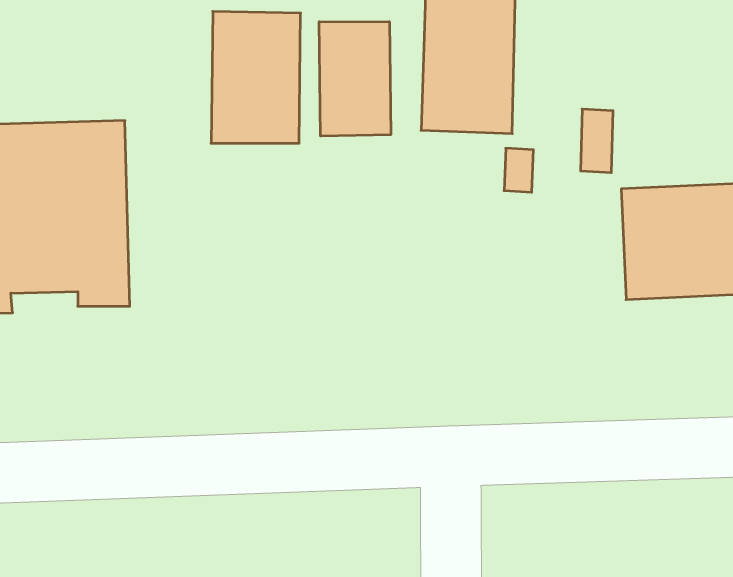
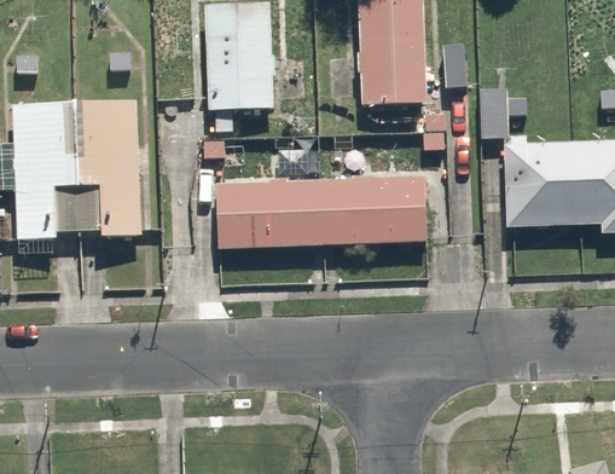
building: [319,22,391,136] -> none
building: none -> [213,180,423,250]

